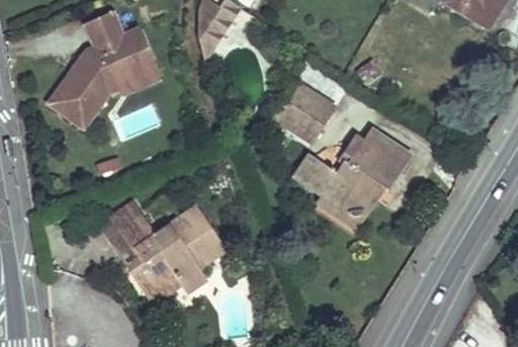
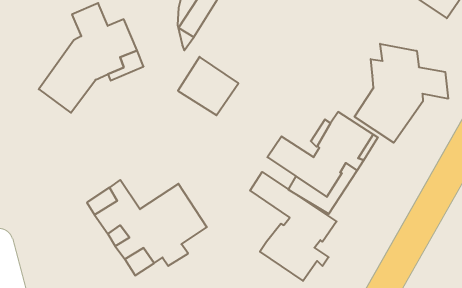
building: none -> [355,44,448,143]
building: [272,79,337,142] -> [178,57,238,115]
building: none -> [250,172,337,281]

